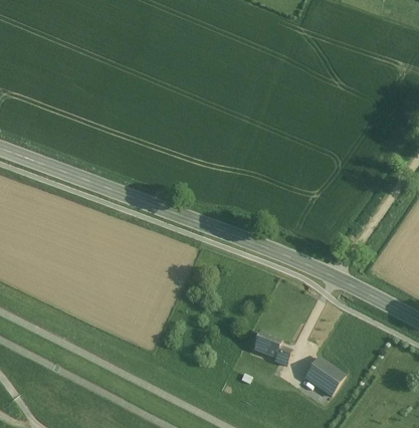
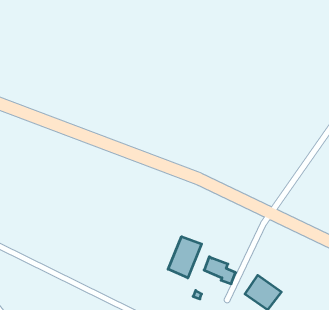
building: none -> [168,237,202,278]

